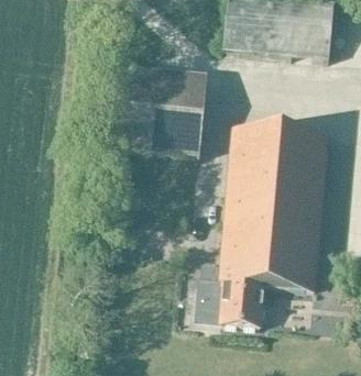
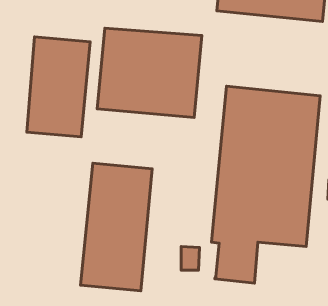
building: none -> [27,37,90,137]
building: none -> [81,163,152,291]

